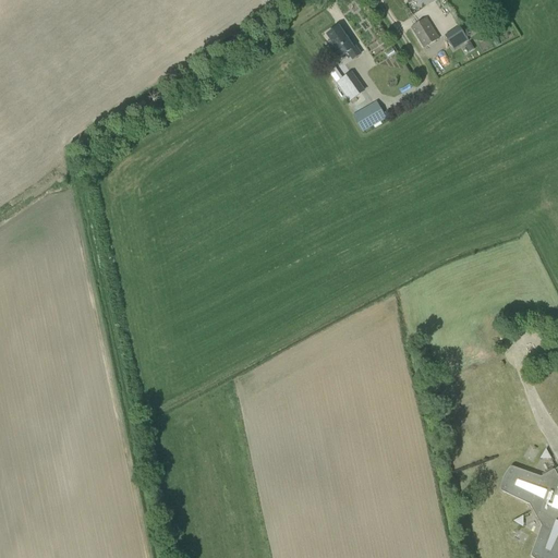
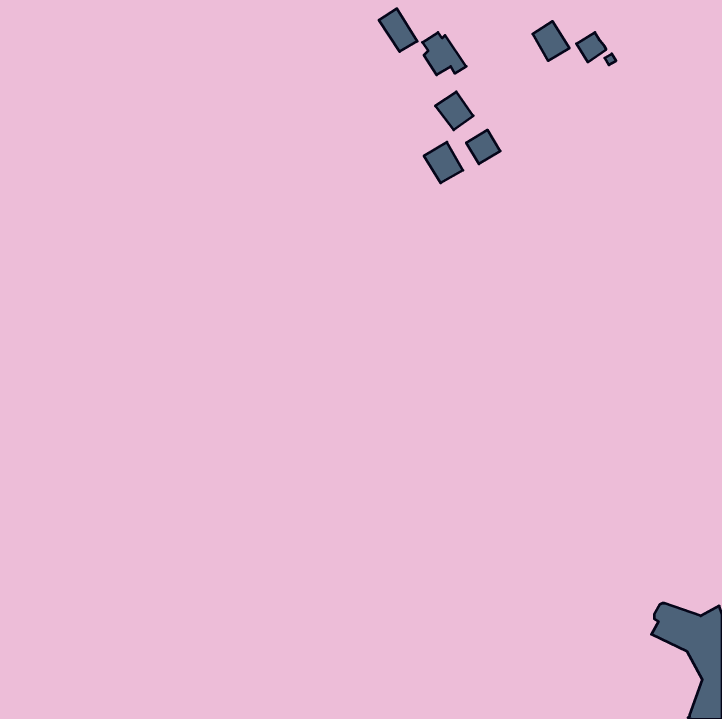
building: none -> [379,9,417,52]
building: none -> [424,142,463,183]

